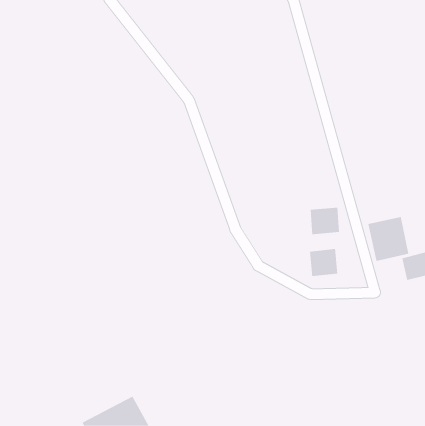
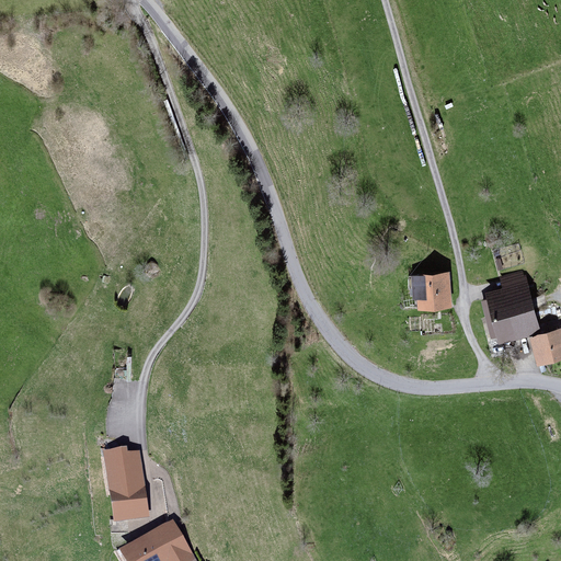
building: [309,248,338,277] -> none
building: none -> [100,451,149,526]

